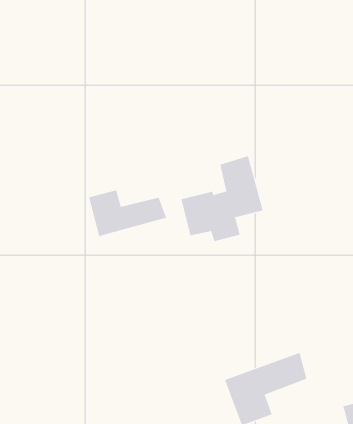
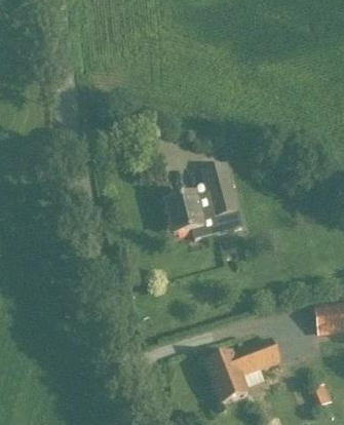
building: [88,189,167,237] -> none

